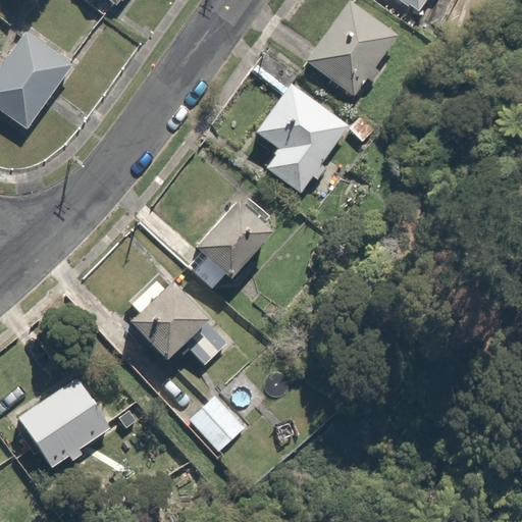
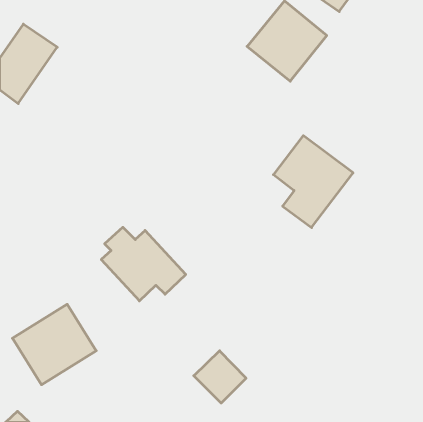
building: [253,80,351,193] -> [273,136,353,228]
building: [201,206,274,278] -> none
building: [186,392,250,456] -> [194,351,246,403]

